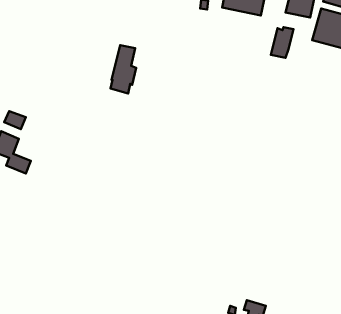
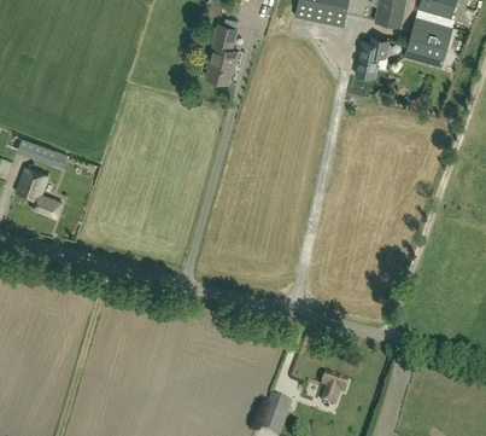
building: [110,45,136,94] -> [206,24,238,83]

